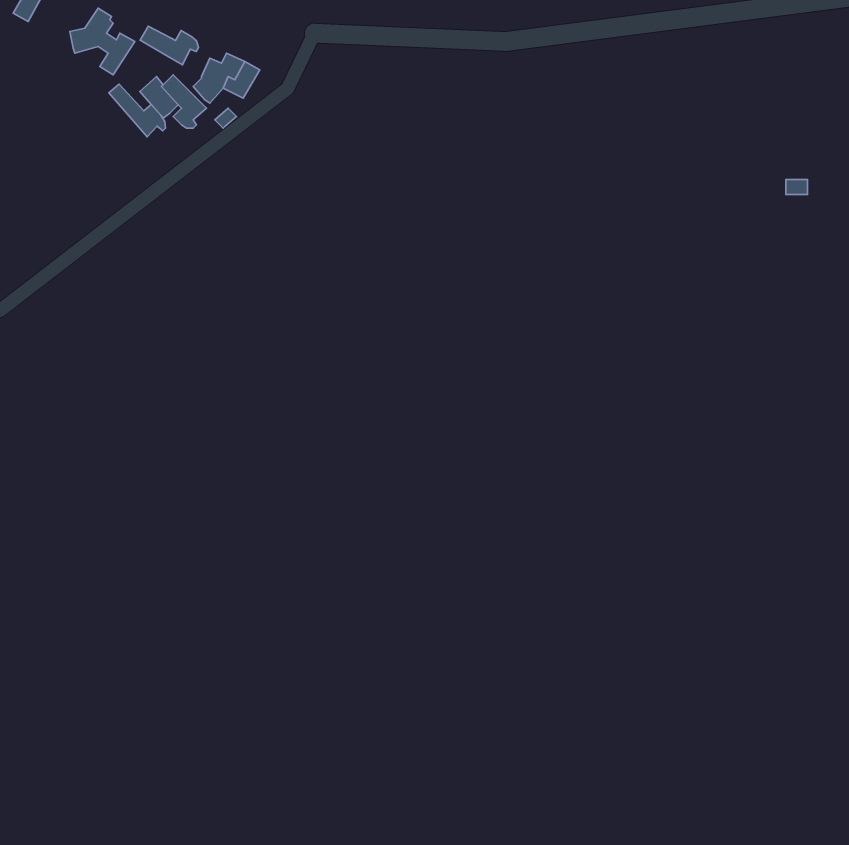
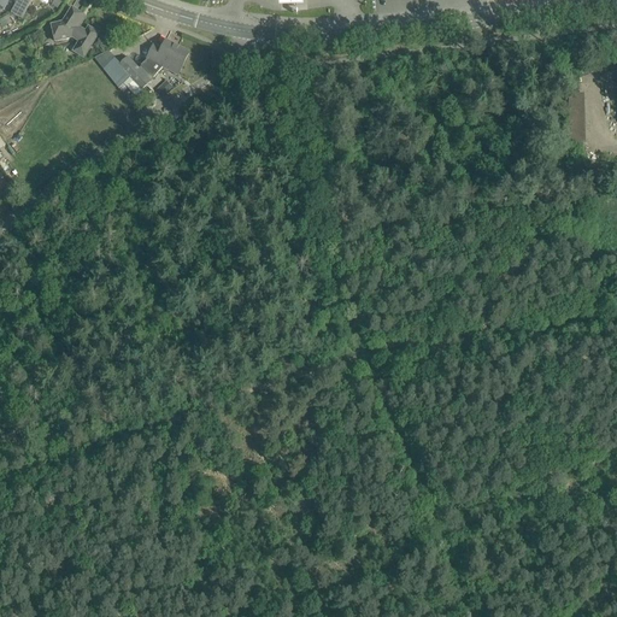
building: [140,26,198,65] -> none
building: [109,84,166,137] -> none

